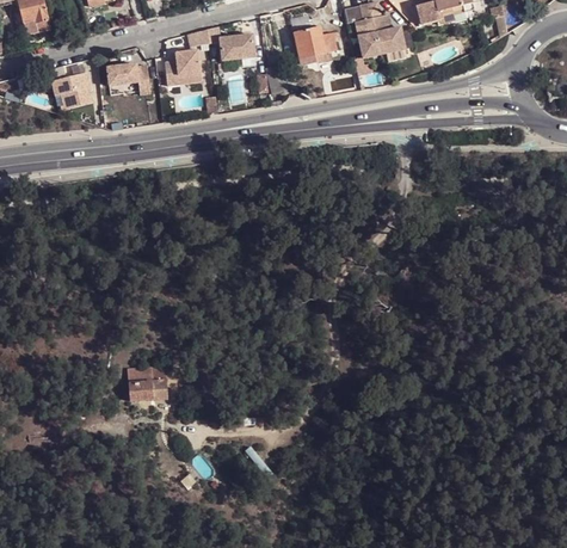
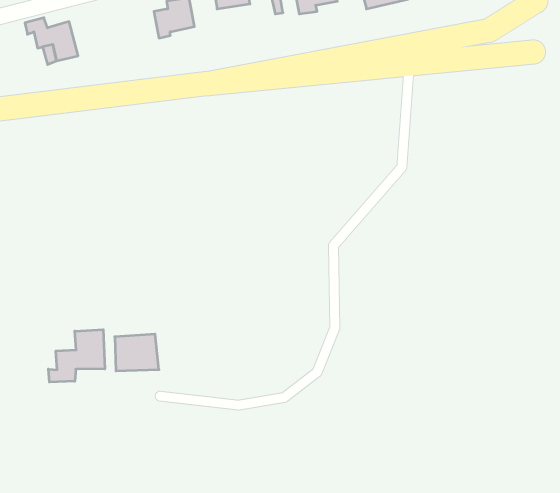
building: [107,62,152,93] -> none
building: none -> [48,330,105,382]

